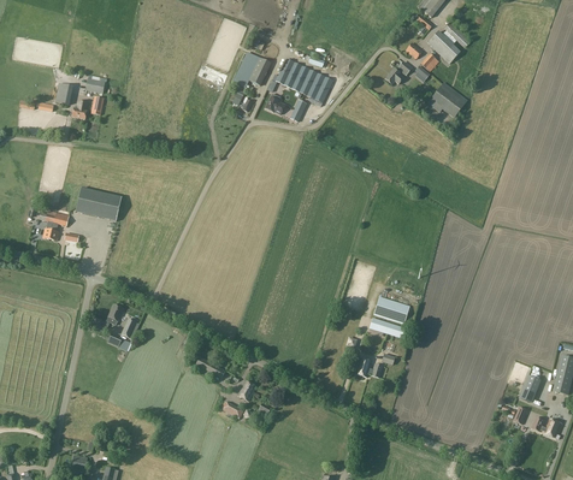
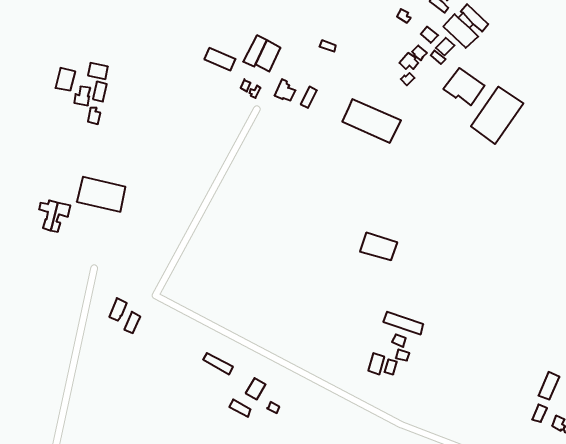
building: [276,59,332,101] -> [342,99,401,143]
building: none -> [471,87,523,144]
building: [373,296,409,322] -> [360,233,397,260]

